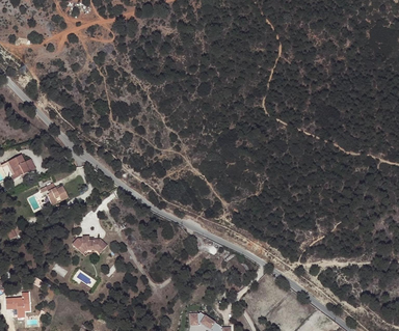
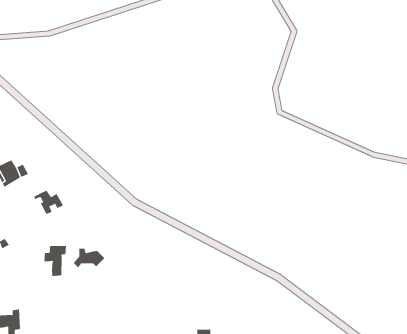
building: none -> [44,245,66,277]

